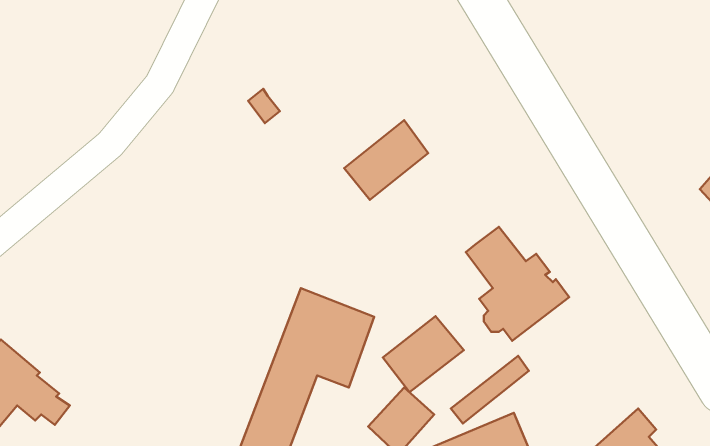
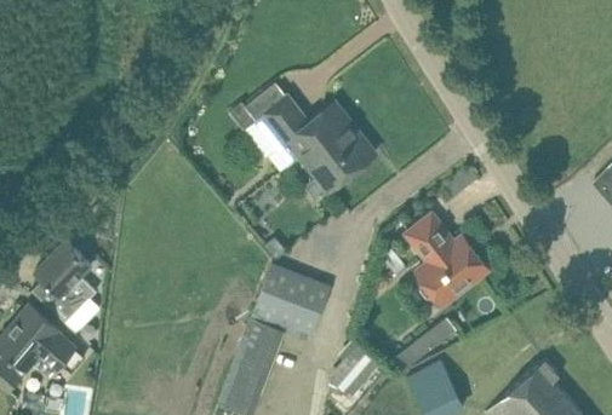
building: none -> [254,96,355,166]
building: none -> [34,240,99,333]
building: [383,316,464,392] -> none

